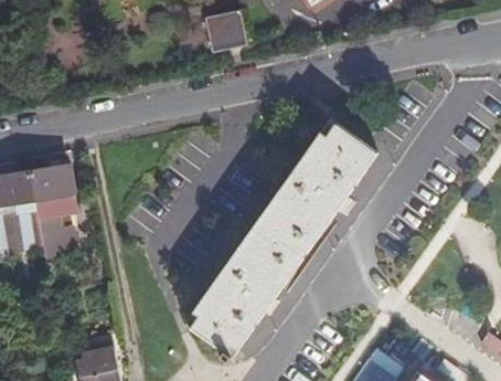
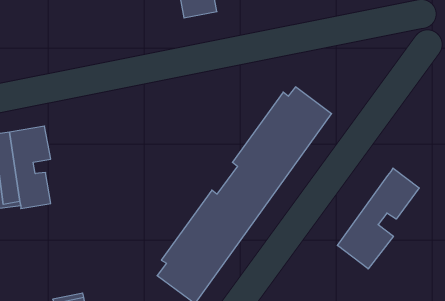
building: none -> [337,168,419,269]

